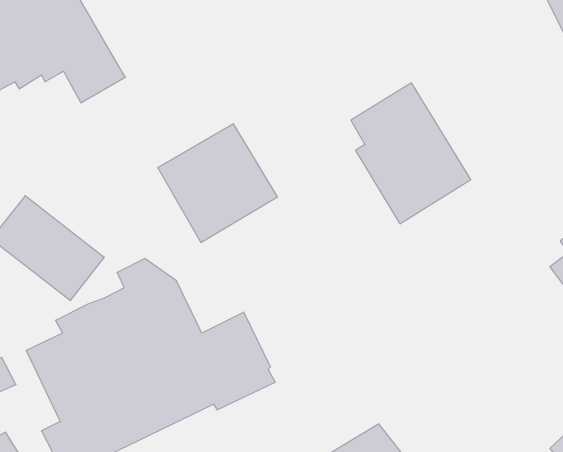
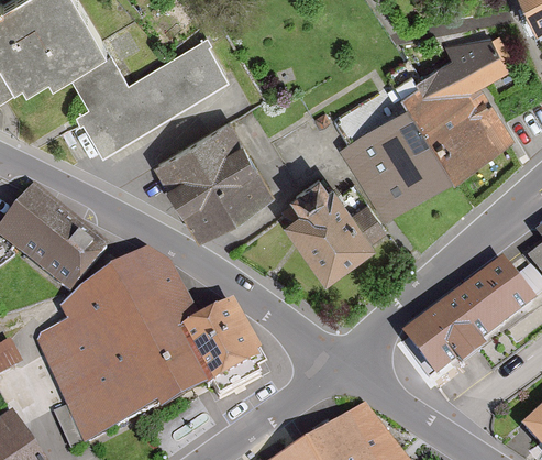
building: none -> [77,37,229,154]
building: none -> [390,39,518,174]
building: none -> [283,171,386,274]
building: none -> [406,263,530,372]

